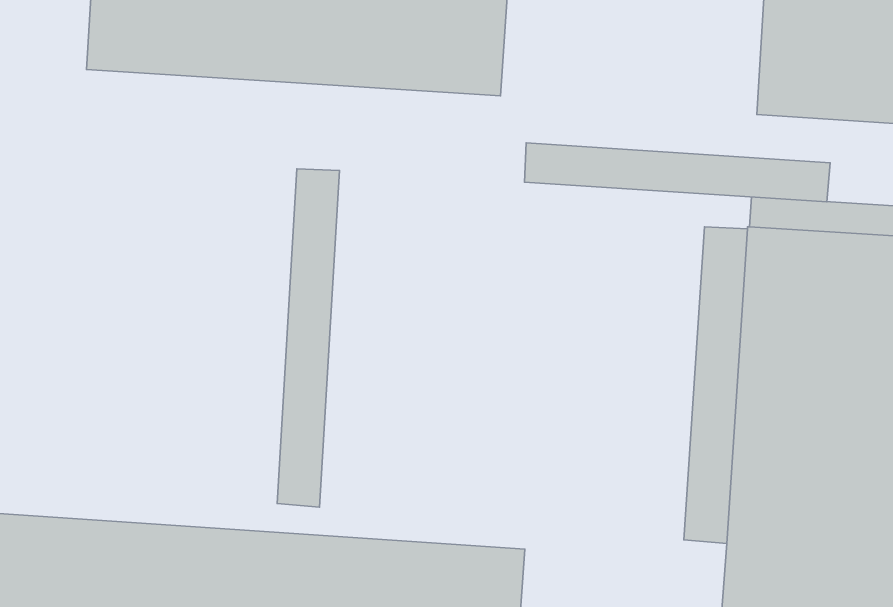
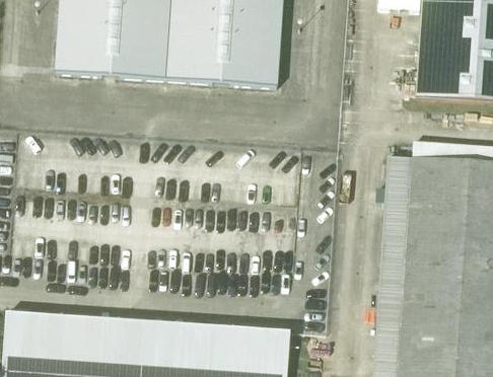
building: [525,143,830,202] -> none
building: [277,169,339,507] -> none

